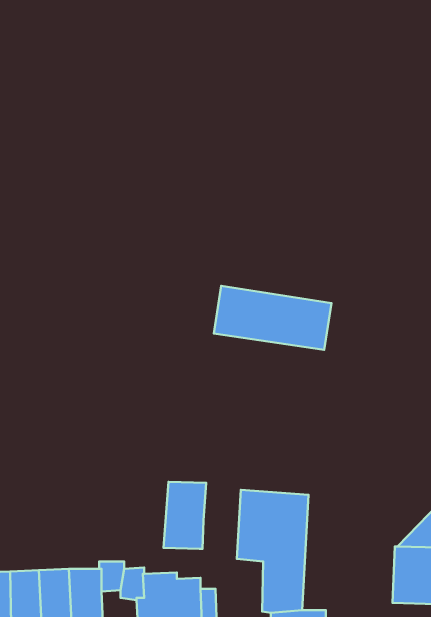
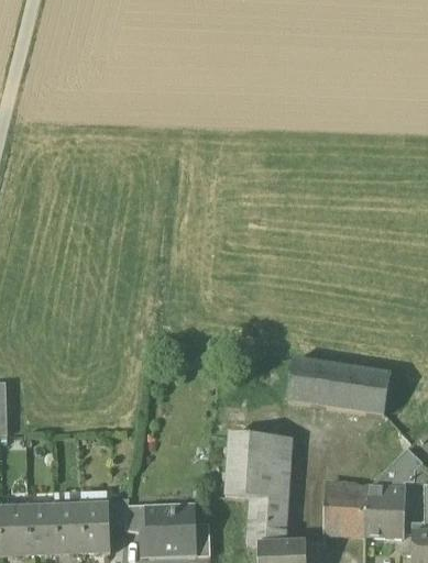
building: [214,286,332,350] -> [287,358,391,415]
building: [163,482,206,549] -> none
building: none -> [323,483,366,534]

